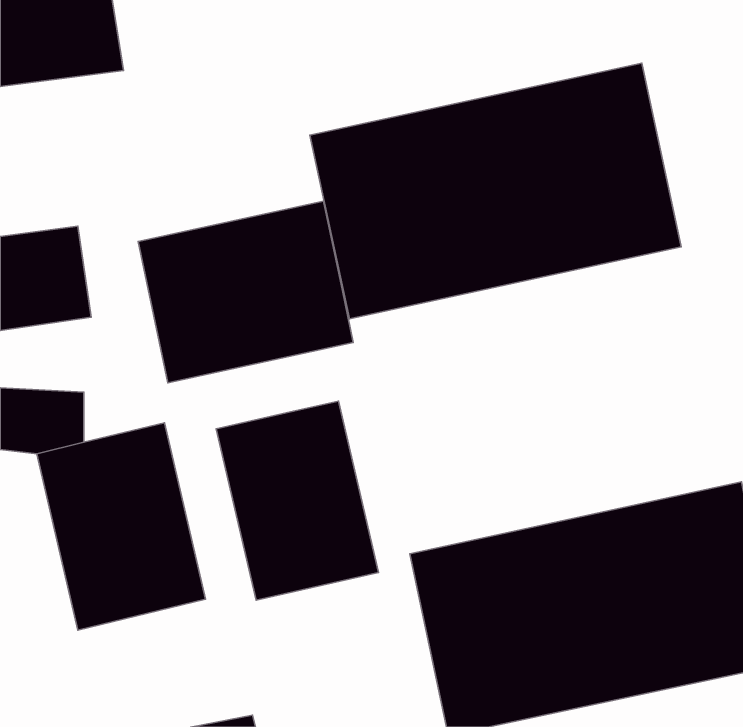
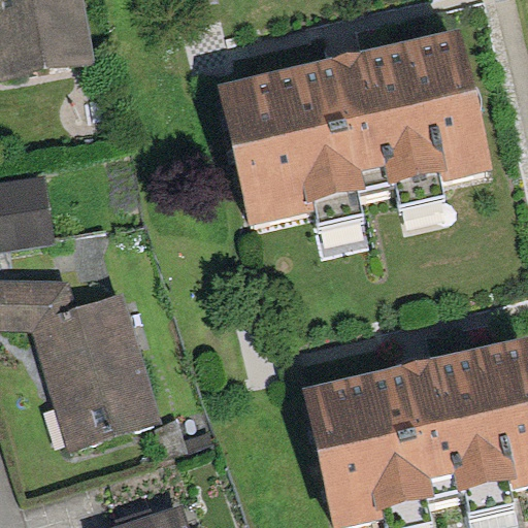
building: [138,201,353,383] -> none
building: [216,401,379,600] -> none

